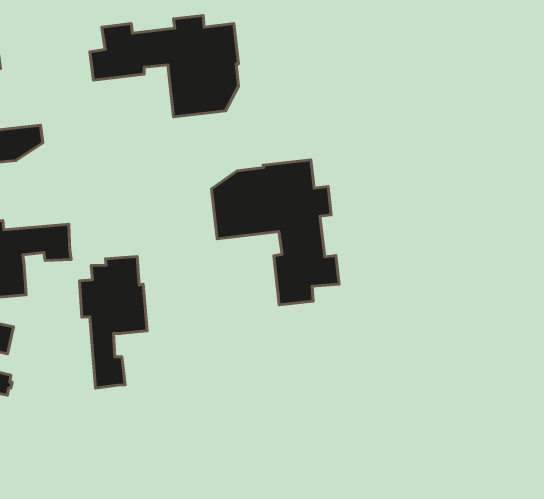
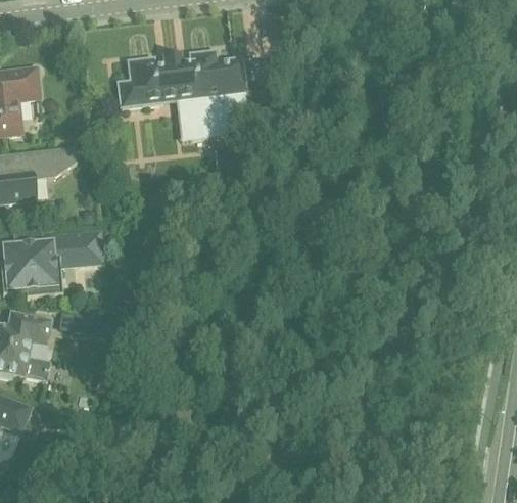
building: [211,160,339,305] -> none
building: [80,257,147,388] -> none

